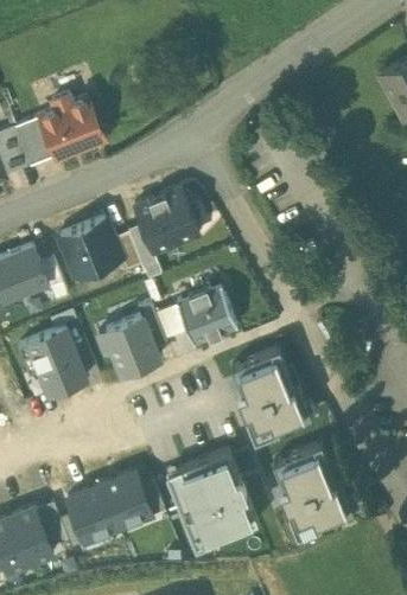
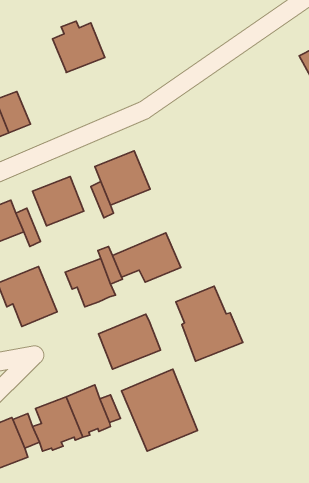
building: [39,95,102,156] -> [52,21,105,72]
building: none -> [98,314,160,369]
building: [273,444,352,535] -> none

